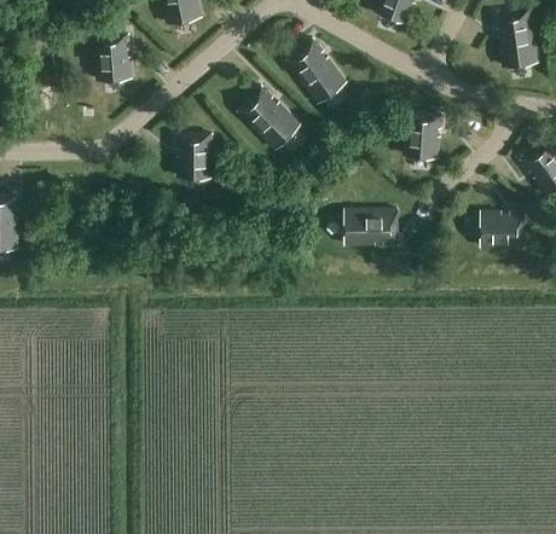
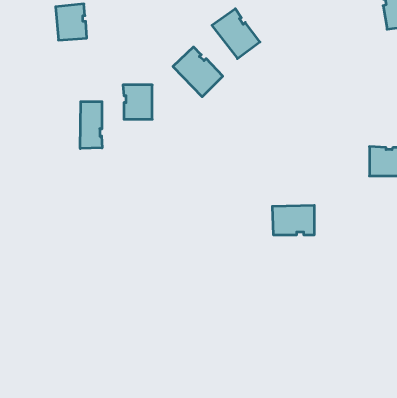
building: [405,112,442,156] -> none
building: none -> [80,102,102,149]
building: [346,208,398,244] -> [272,205,314,235]

